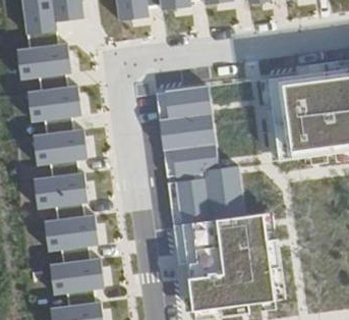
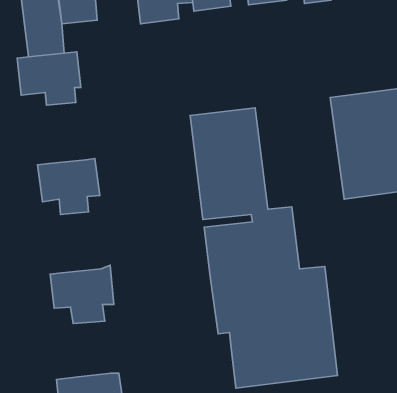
building: [24,82,82,132] -> none
building: [31,169,89,220] -> none
building: [49,257,103,304] -> none

